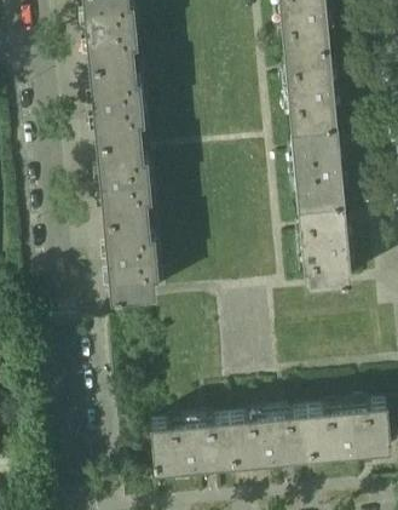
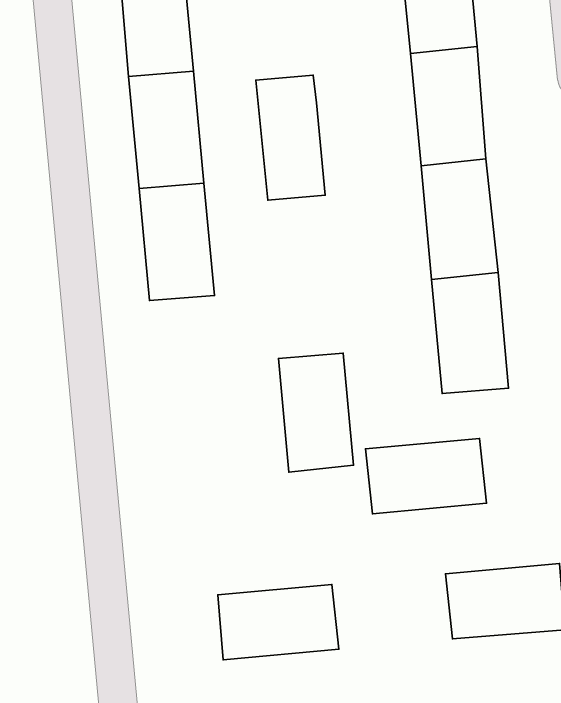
building: none -> [256,75,325,200]
building: [104,220,156,303] -> [278,353,354,472]
building: [230,413,313,465] -> [366,438,486,514]

